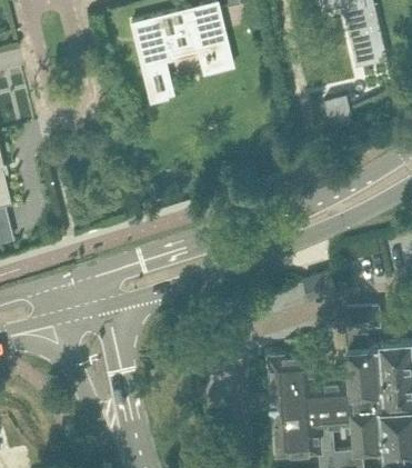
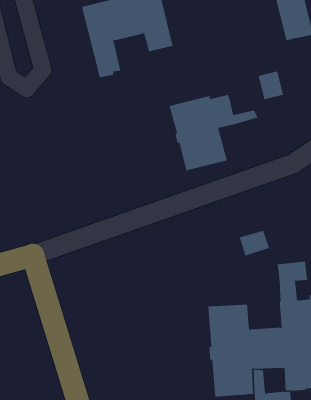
building: none -> [169,94,258,171]

